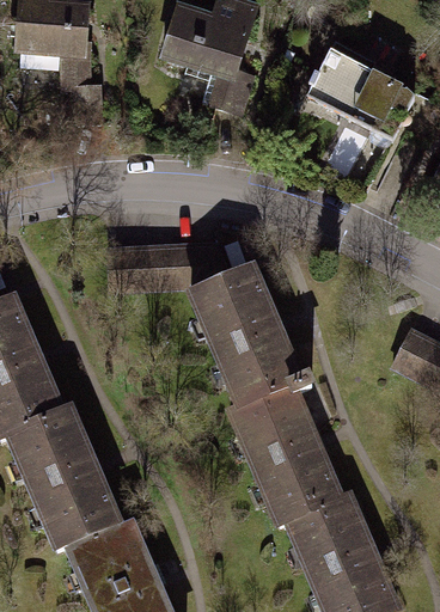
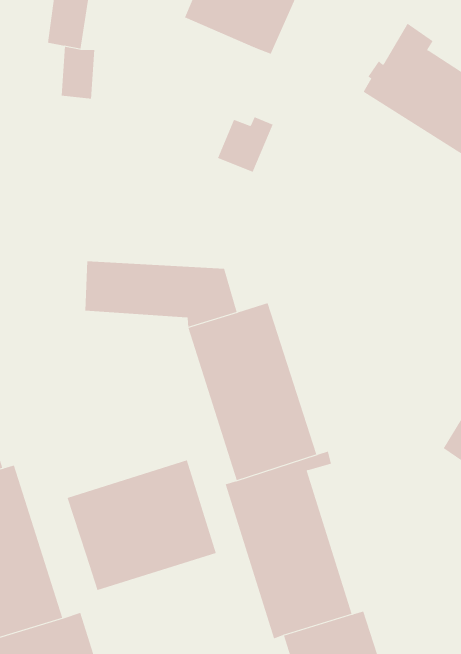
building: [212,71,252,114] -> [217,116,274,173]
building: none -> [67,459,217,591]

